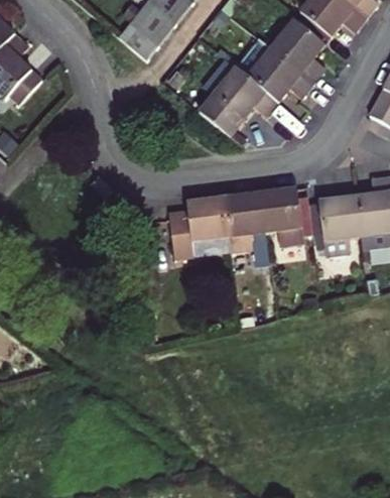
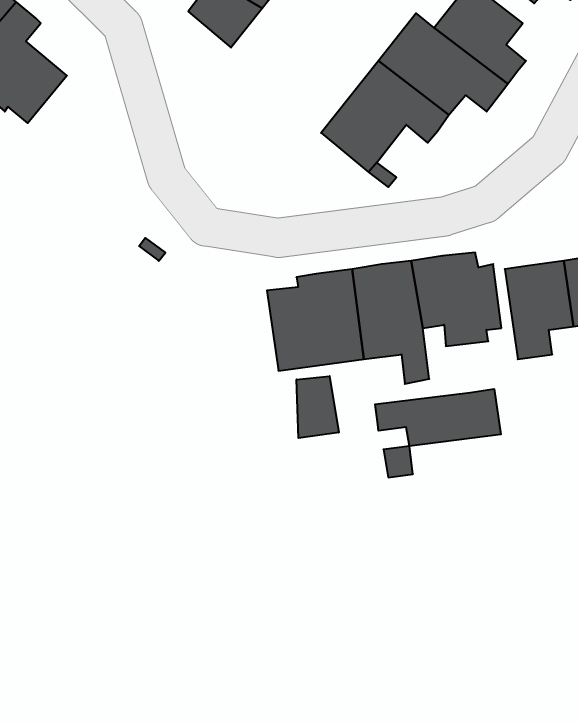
building: none -> [297,376,339,438]
building: none -> [375,389,501,446]

